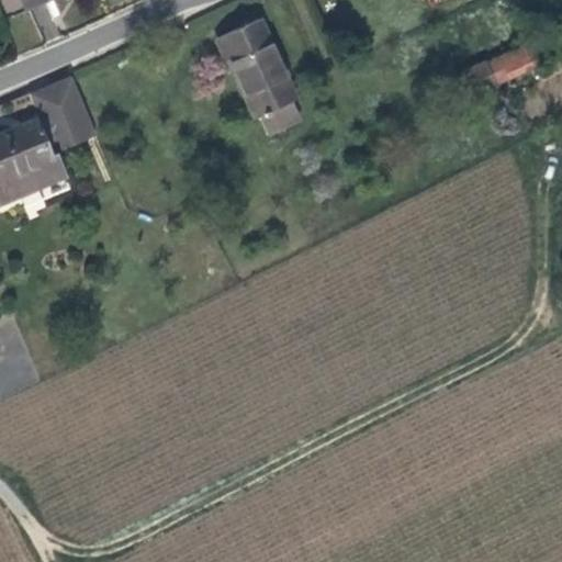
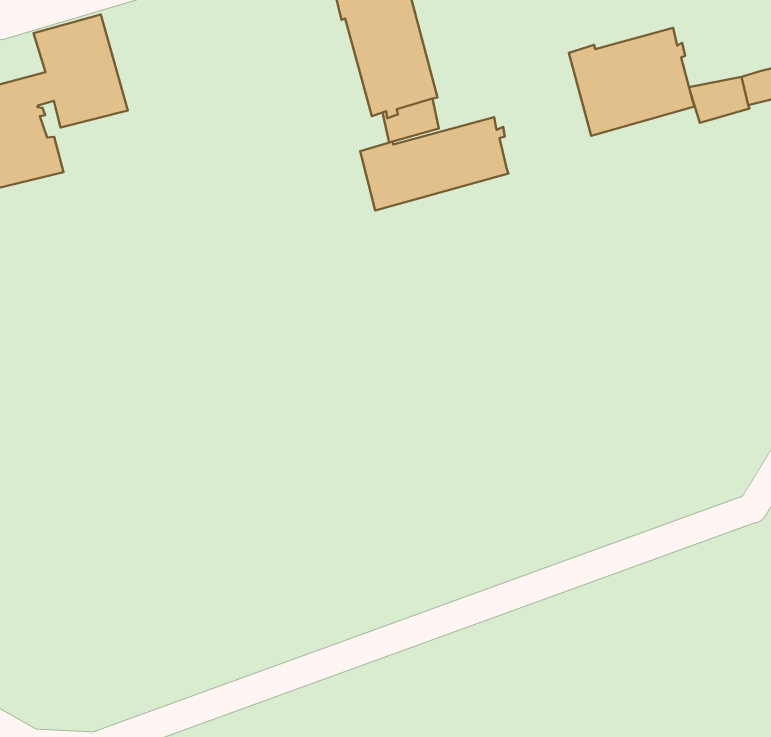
building: none -> [569,28,694,136]
building: none -> [360,117,508,211]

